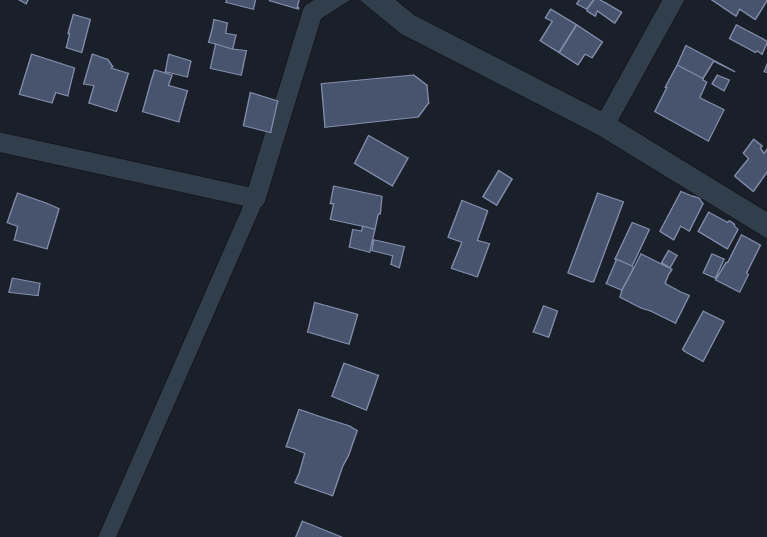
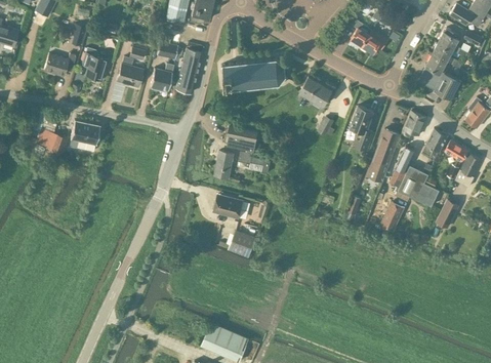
building: none -> [437,27,468,57]
building: none -> [179,42,203,75]
building: none -> [150,64,173,90]
building: [354,136,408,186] -> [299,77,331,107]
building: none -> [401,111,426,137]
building: none -> [69,120,99,152]
building: [448,201,490,277] -> [350,106,374,151]
building: none -> [214,151,234,178]
building: none -> [379,201,405,232]
building: [286,409,357,496] -> none

